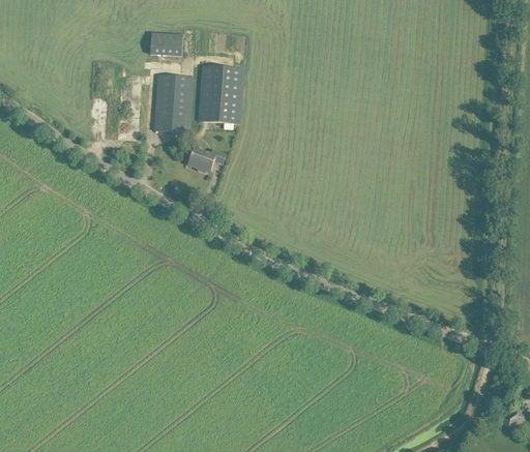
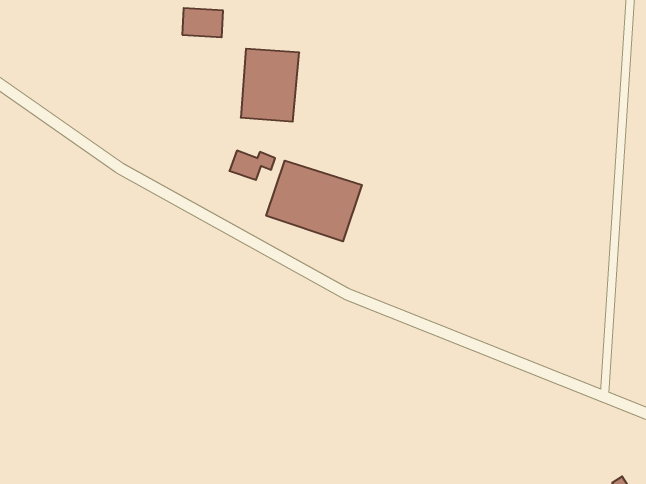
building: [153,73,193,131] -> none
building: none -> [266,161,362,241]

